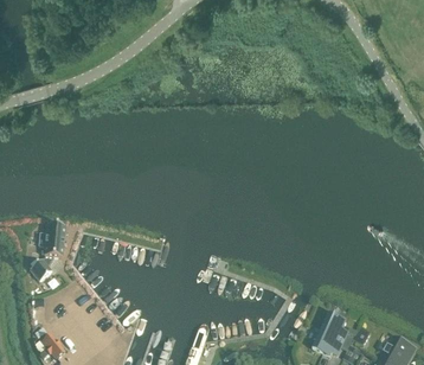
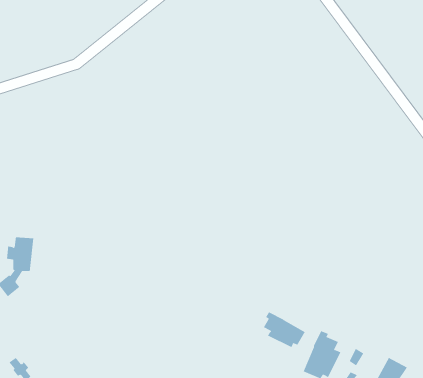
building: none -> [263,311,305,348]

